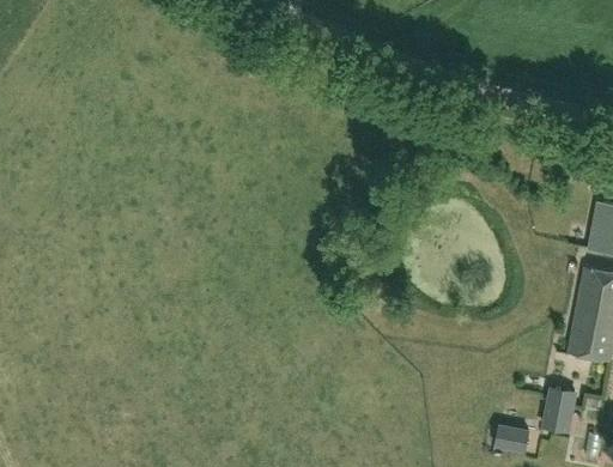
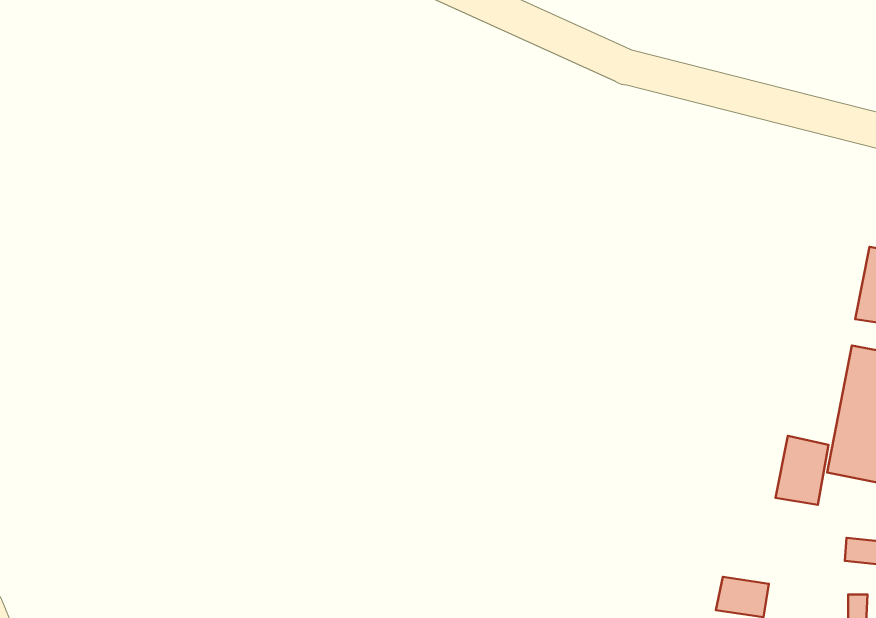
building: [541,386,577,432] -> [776,436,828,505]

